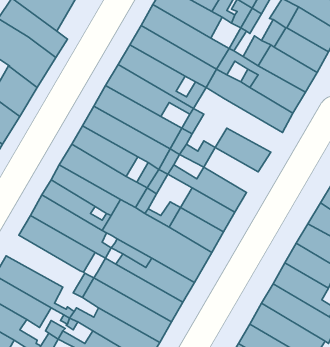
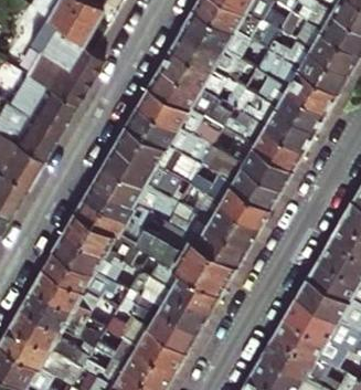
building: none -> [240,116,307,168]
building: none -> [232,164,284,207]
building: none -> [43,247,114,298]

